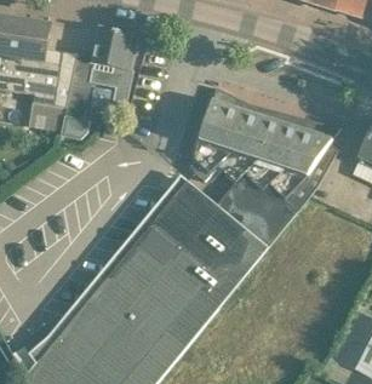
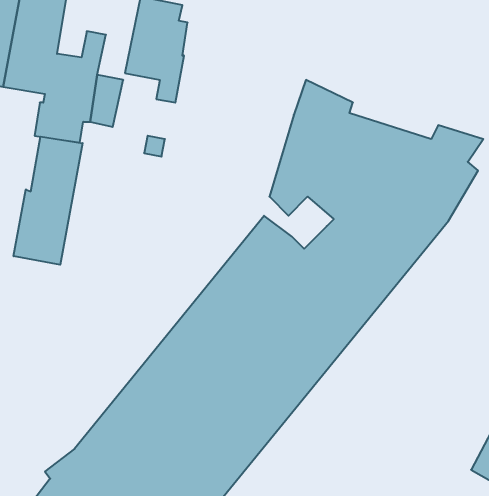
building: none -> [14,137,83,265]

